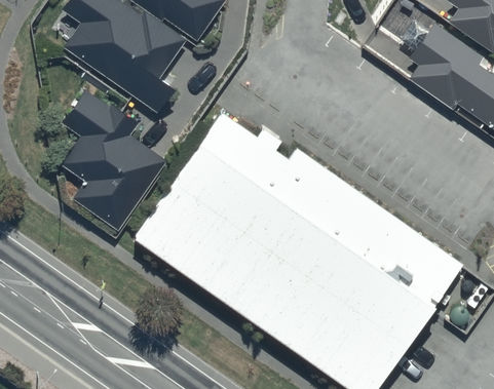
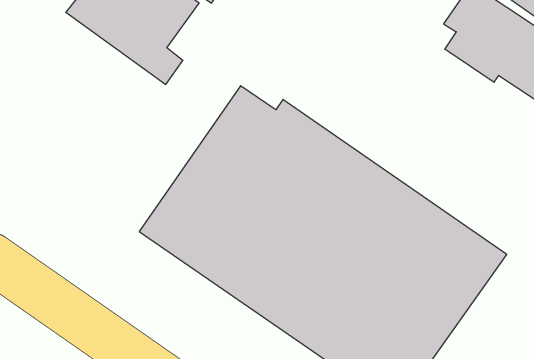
building: [62,88,167,230] -> none

